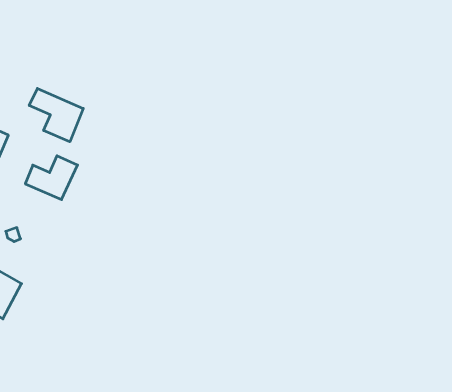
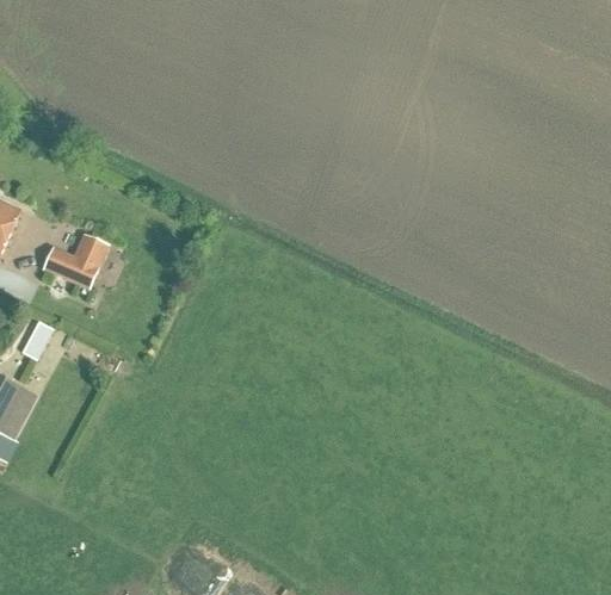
building: [29,88,83,142] -> none

